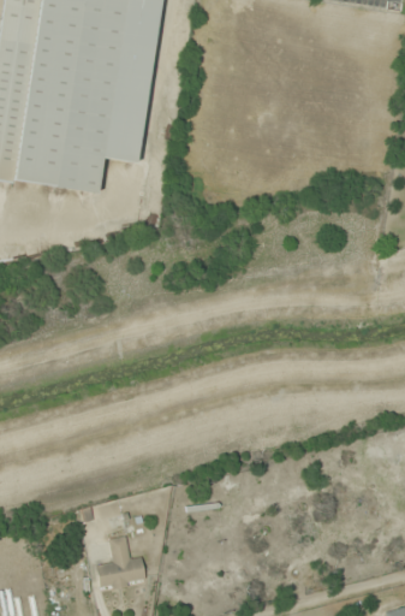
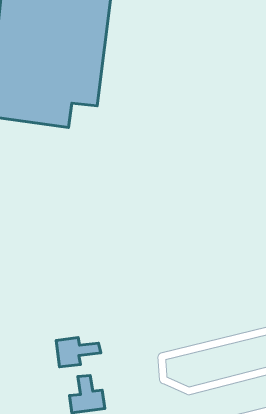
building: none -> [56,338,101,367]

